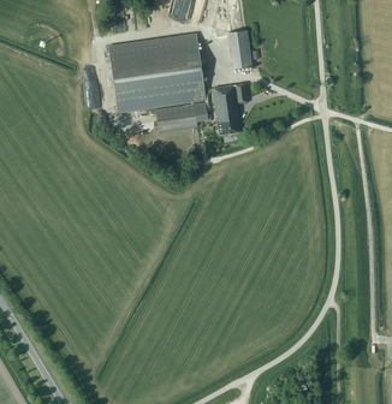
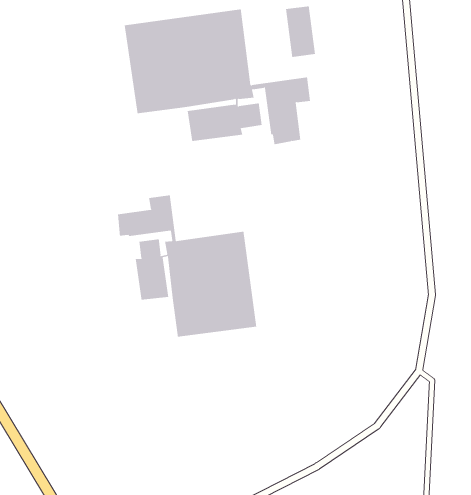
building: none -> [117,194,257,338]

